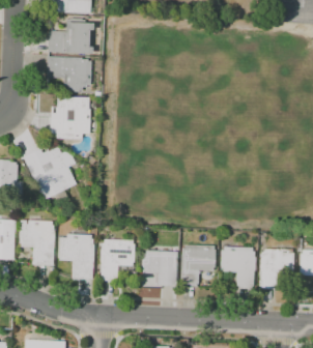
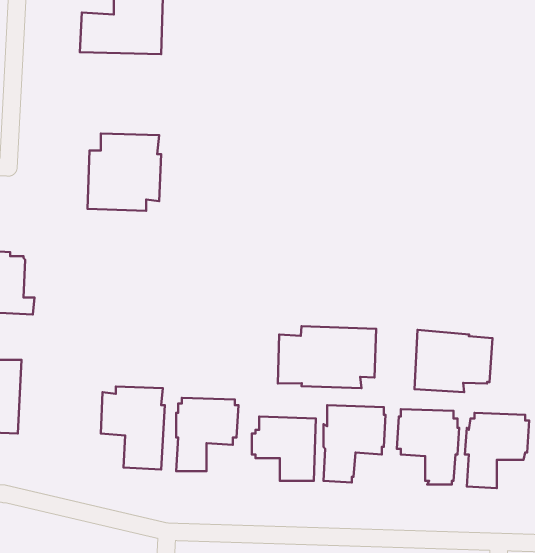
building: [47,56,91,92] -> none
building: [24,145,78,203] -> none
building: none -> [278,326,376,388]
building: none -> [415,330,493,392]
building: [20,221,55,265] -> none

